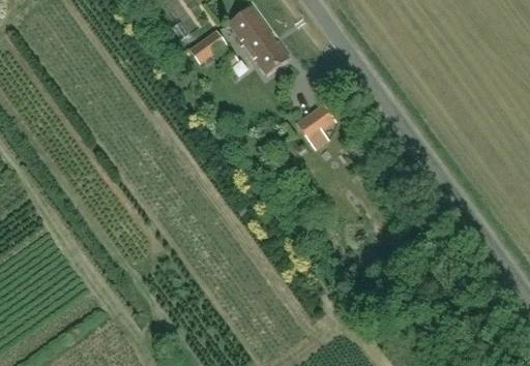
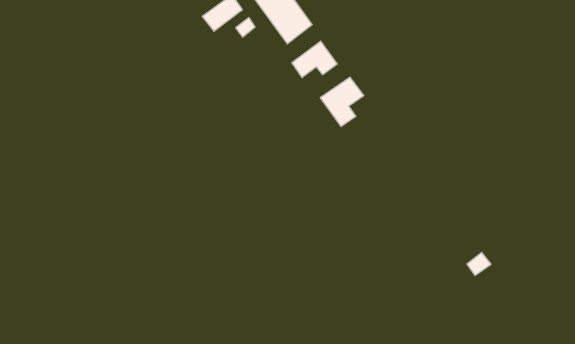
building: none -> [292,41,337,78]

